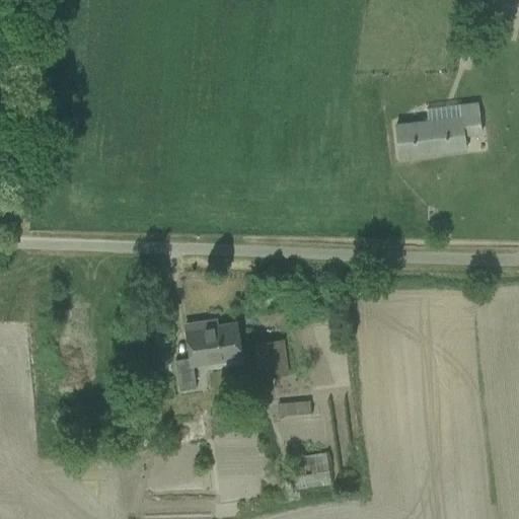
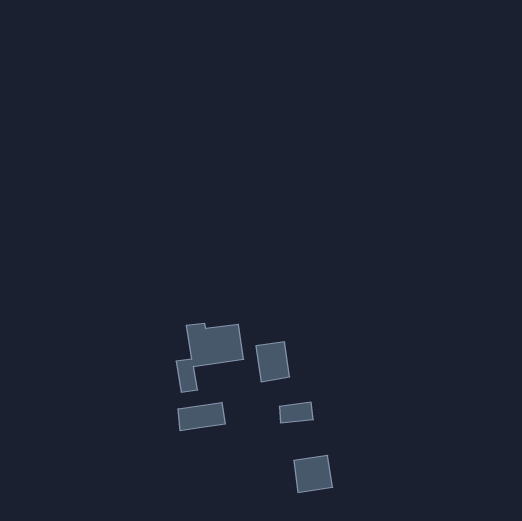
building: [396,103,481,156] -> none
building: none -> [178,402,225,431]

